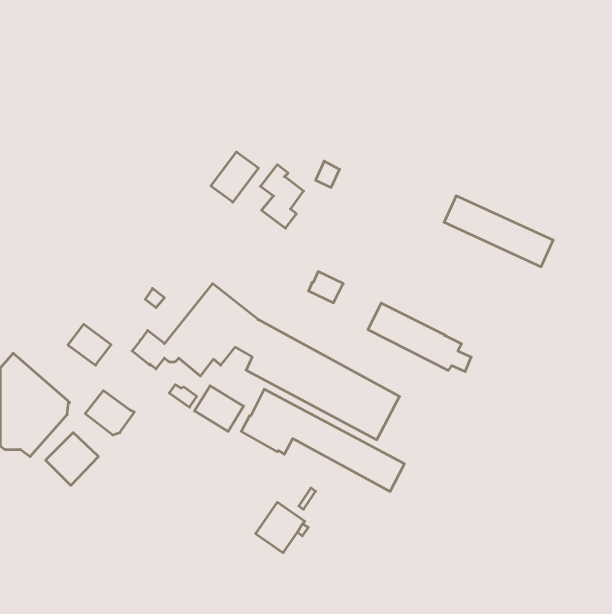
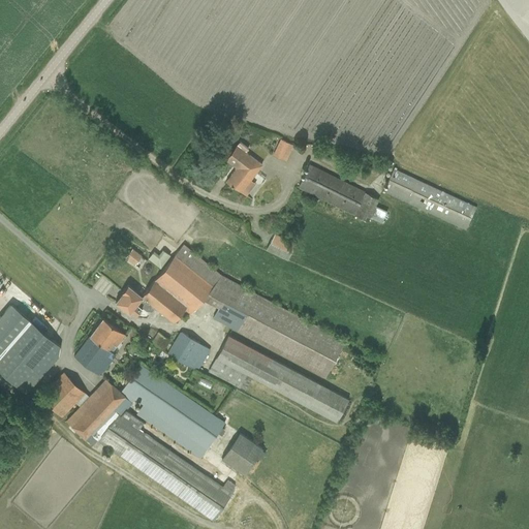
building: [211,152,258,202] -> none
building: [368,303,471,372] -> [299,164,387,223]
building: [68,324,111,365] -> [89,317,126,352]
building: none -> [66,364,235,521]

